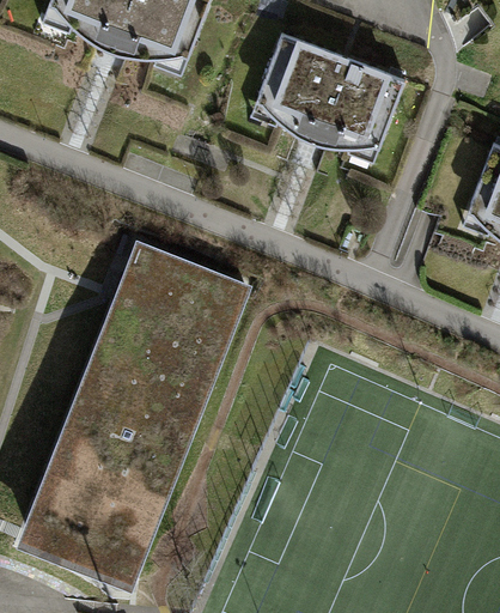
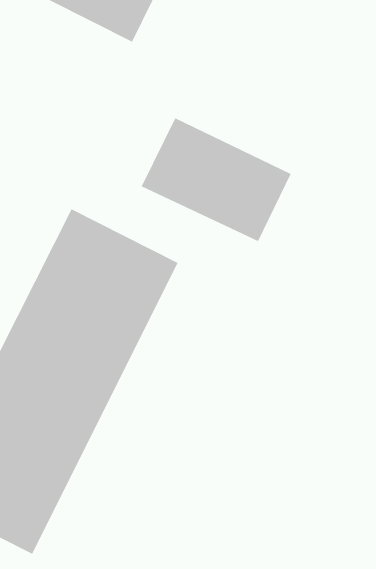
building: [252,34,403,151] -> [141,117,291,242]

